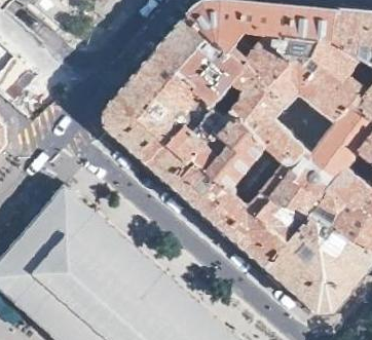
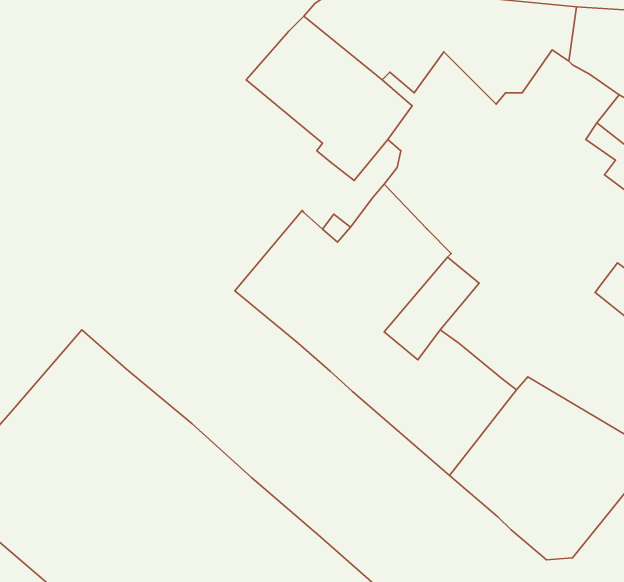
building: [103,50,200,166] -> none
building: [230,148,283,204] -> none

